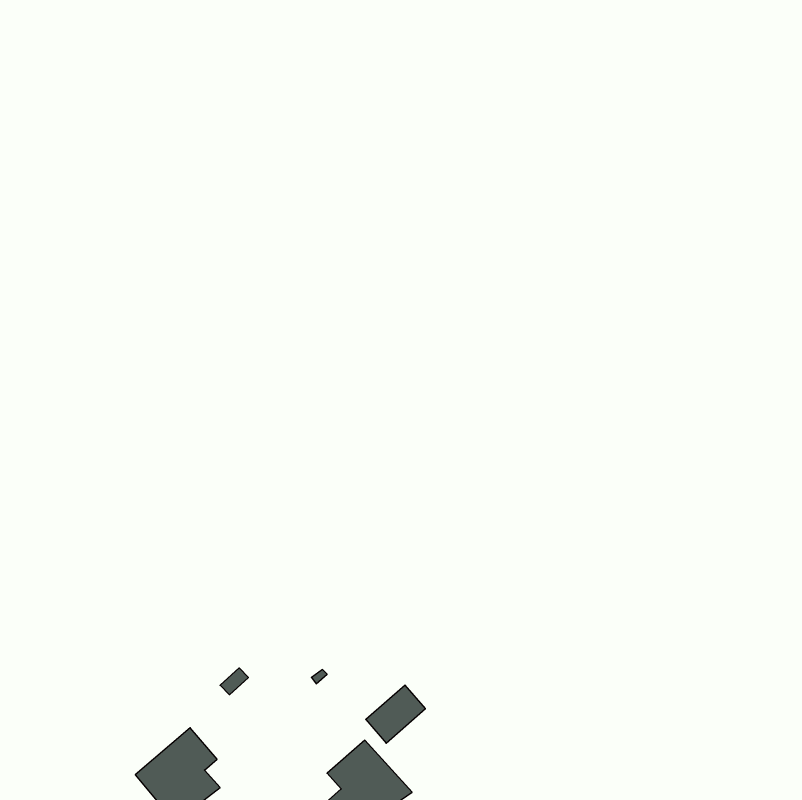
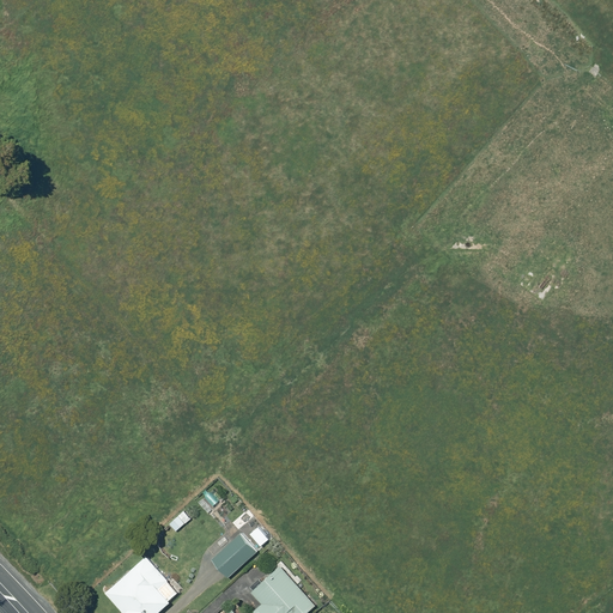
building: [366,685,425,743] -> [211,534,256,578]

